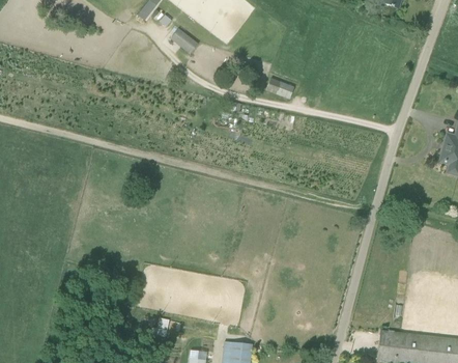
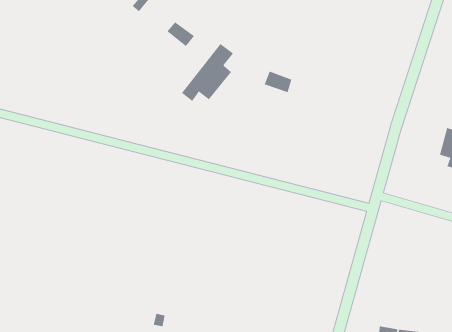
building: none -> [181,43,234,102]

